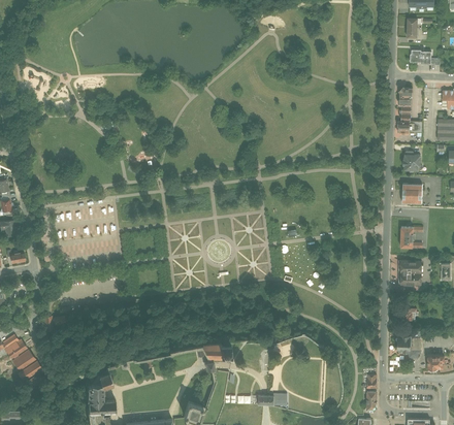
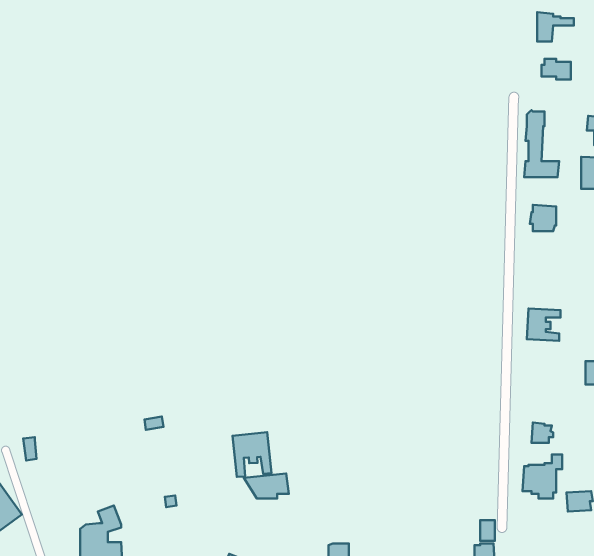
building: [401,183,422,205] -> none
building: [398,260,421,287] -> none
building: none -> [233,432,271,477]

